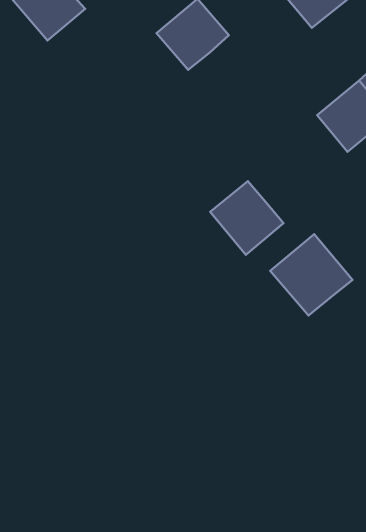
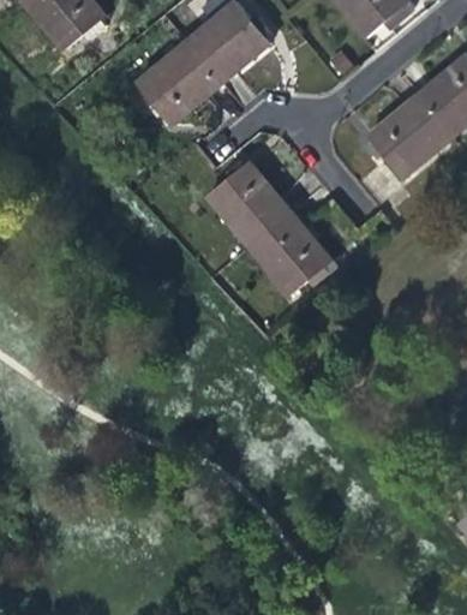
building: none -> [136,41,221,124]
building: none -> [206,162,289,245]
building: [270,234,352,316] -> none

